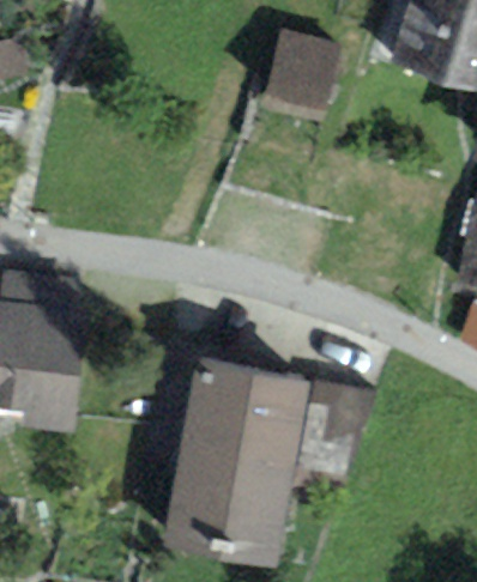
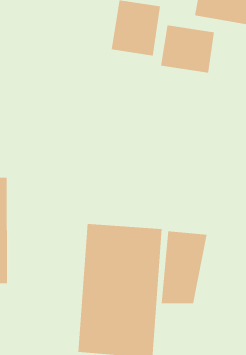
building: none -> [160,25,215,74]

